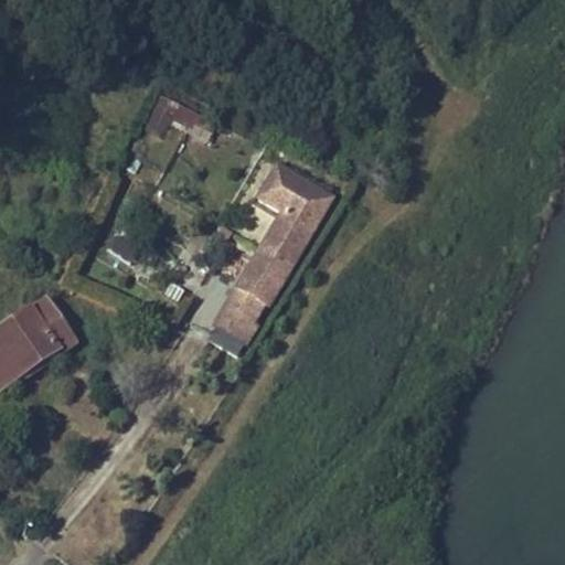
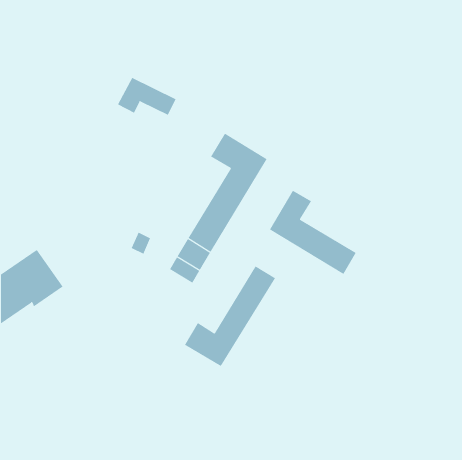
building: none -> [269,190,357,275]
building: none -> [184,266,276,367]

